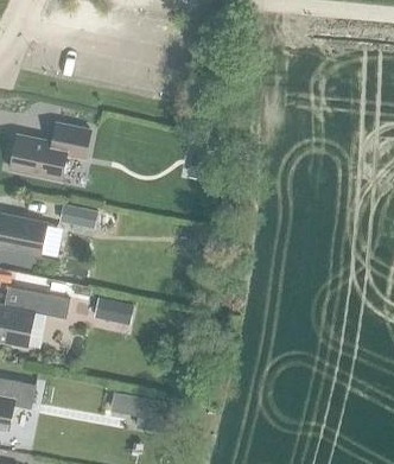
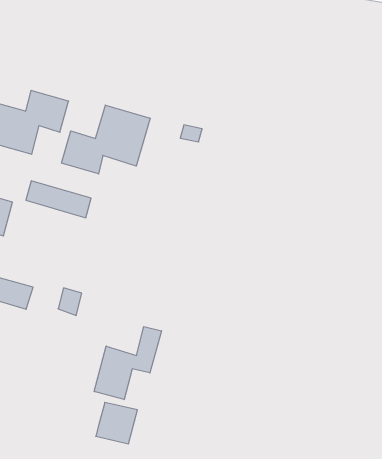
building: none -> [62,105,150,174]
building: none -> [94,327,161,400]

